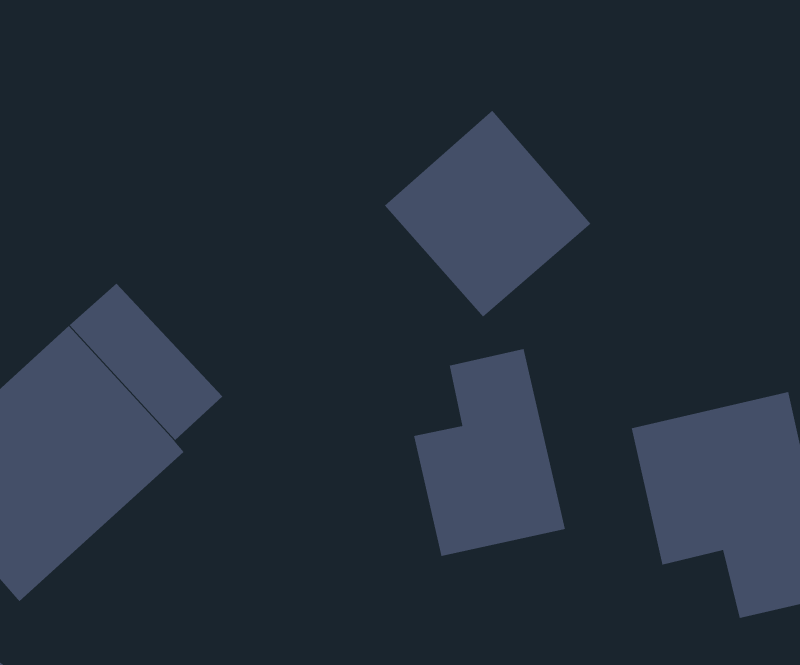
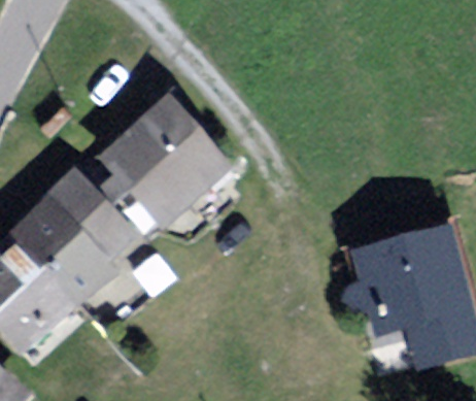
building: [384,110,592,317] -> [109,102,226,219]
building: [413,348,566,557] -> none

